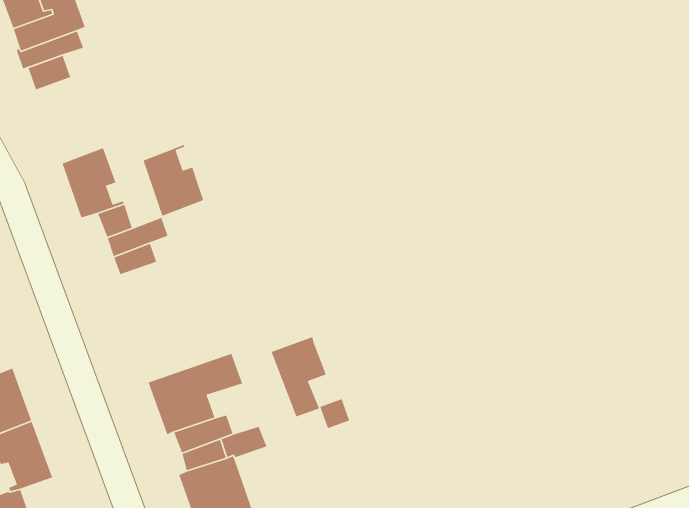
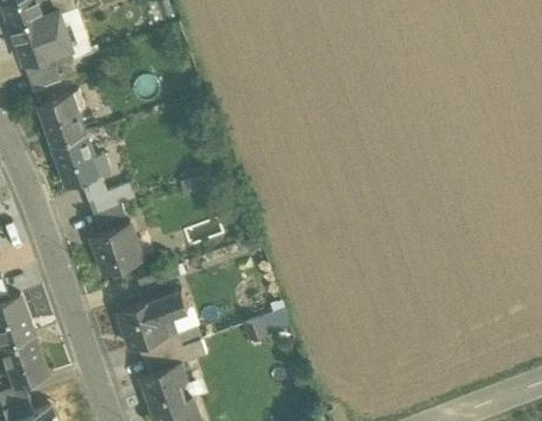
building: [143,144,204,217] -> [41,93,86,147]
building: none -> [93,222,143,272]
building: [271,336,327,417] -> none

